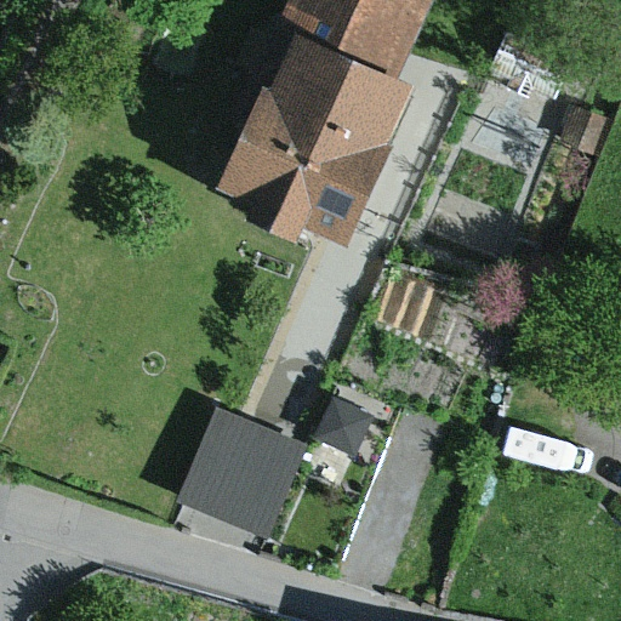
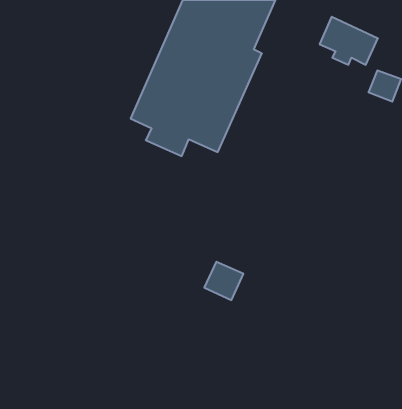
building: [186,411,310,535] -> none

